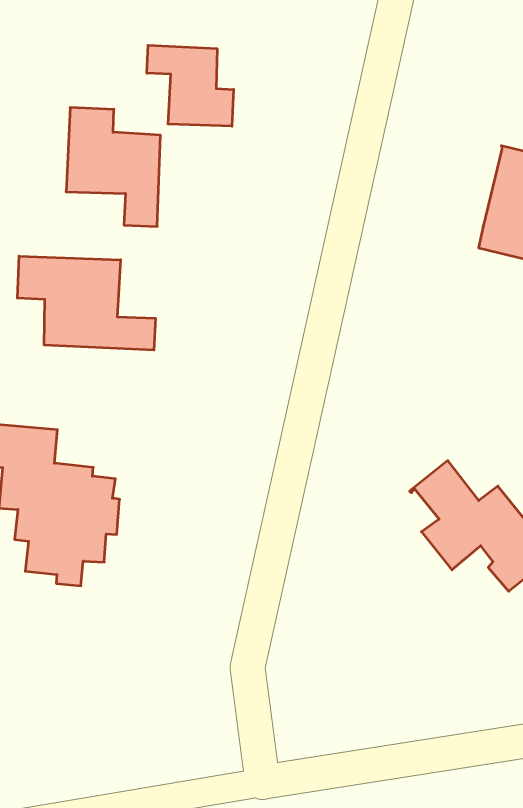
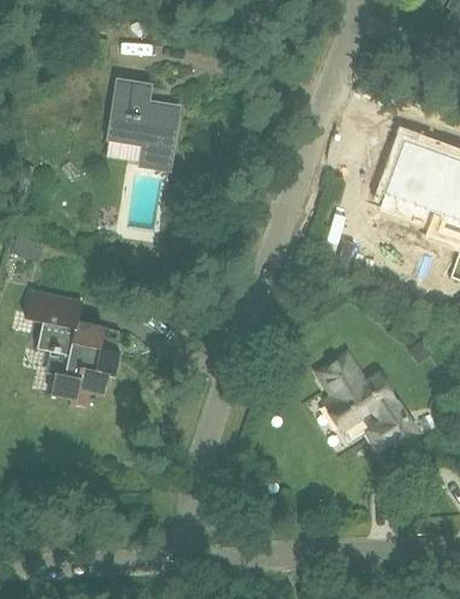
building: [147,45,234,126] -> none
building: [17,256,155,350] -> none

